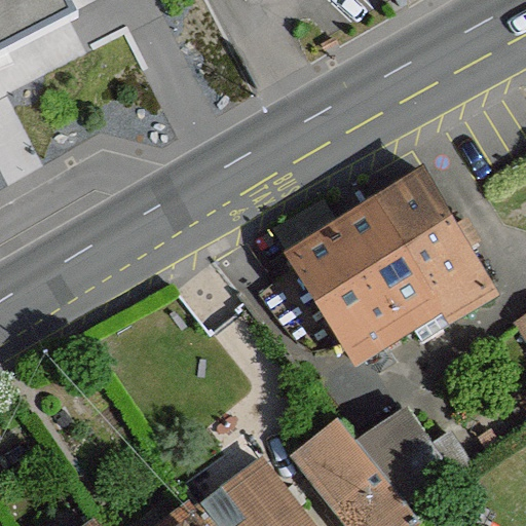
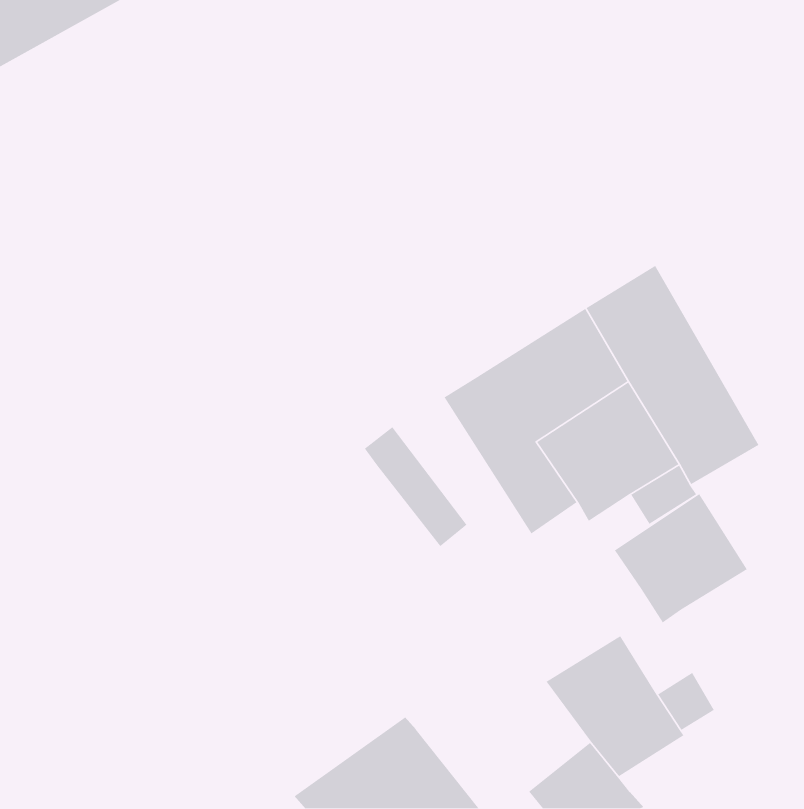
building: none -> [614,493,748,623]
building: [297,418,380,510] -> none

